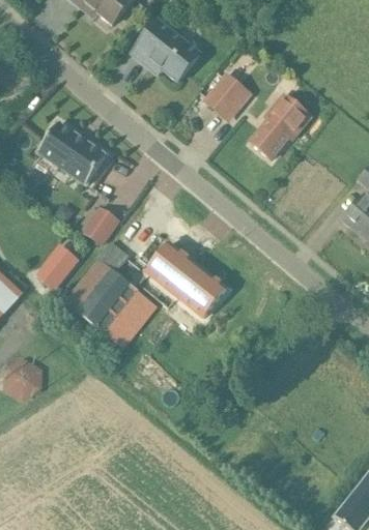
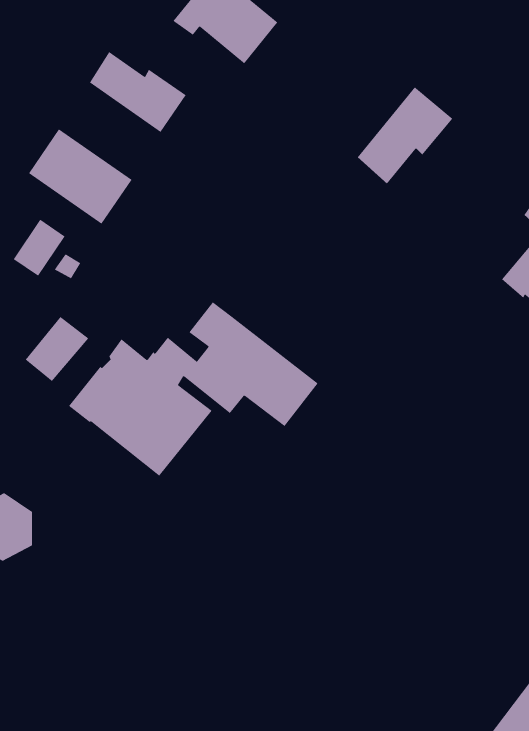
building: none -> [89,51,186,133]
building: [204,75,252,122] -> none
building: [84,207,118,244] -> [13,219,66,277]

